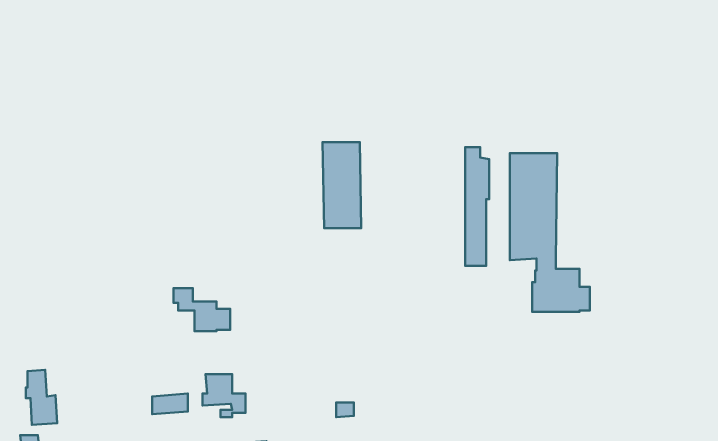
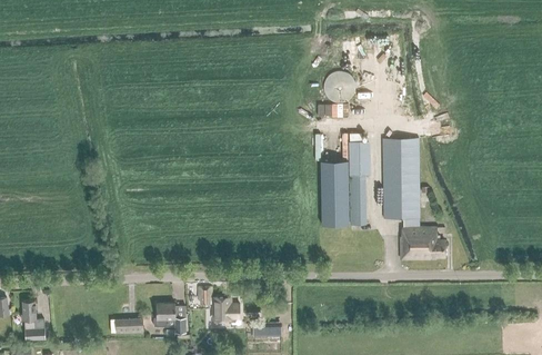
building: none -> [323,71,355,103]
building: [323,142,361,228] -> [320,161,349,226]
building: [174,288,230,331] -> [197,288,239,321]

